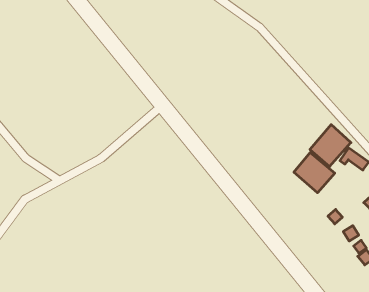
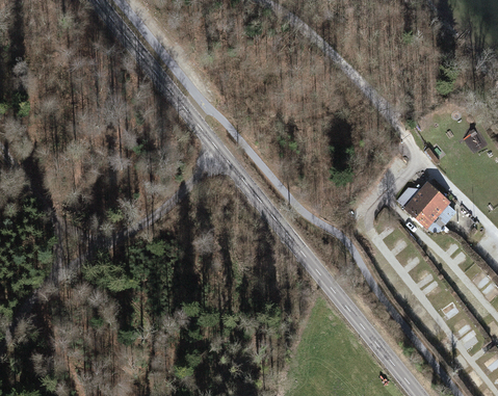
building: [294,153,335,193] -> none

